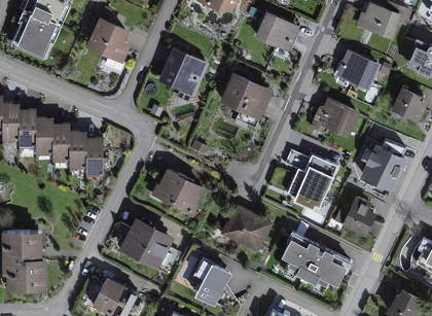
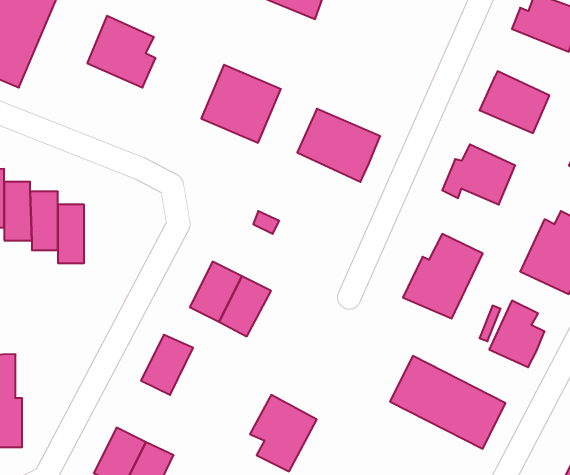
building: [255,10,299,51] -> none
building: [85,141,103,178] -> none
building: [222,204,273,251] -> none
building: [140,225,173,264] -> none

